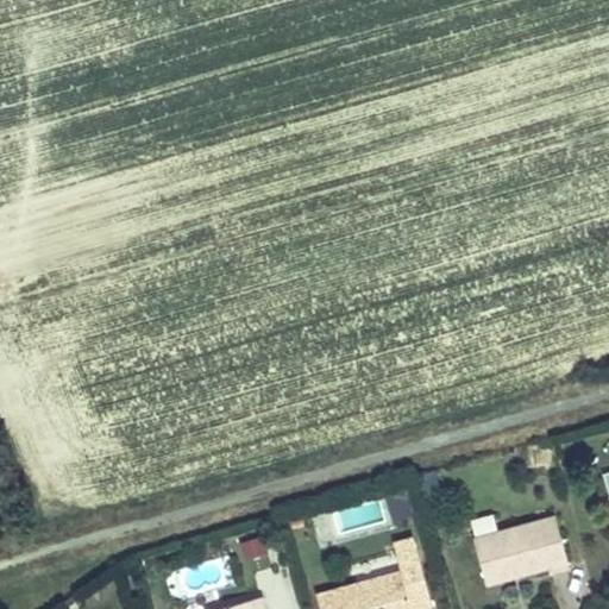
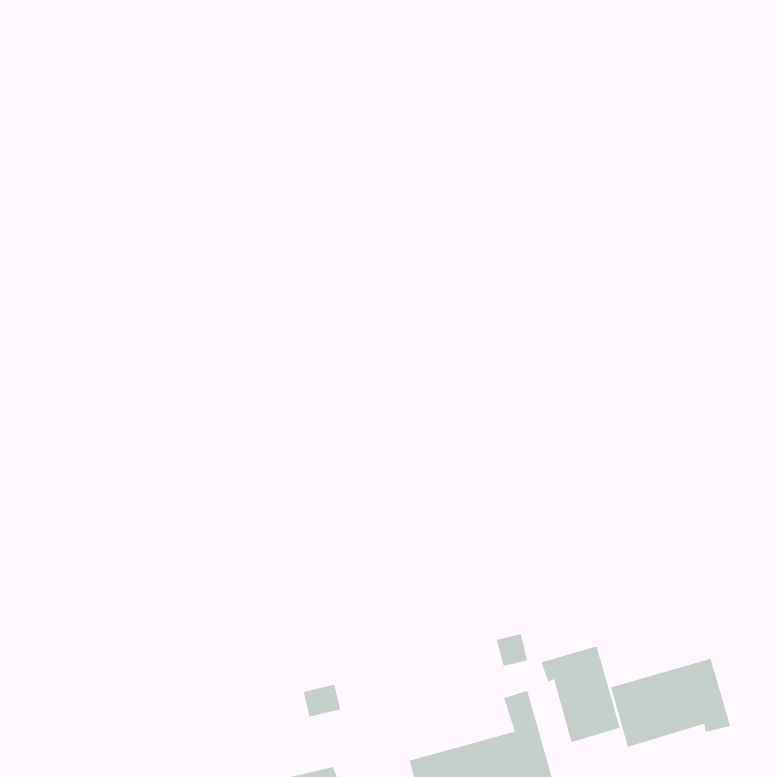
building: none -> [541,646,621,743]

